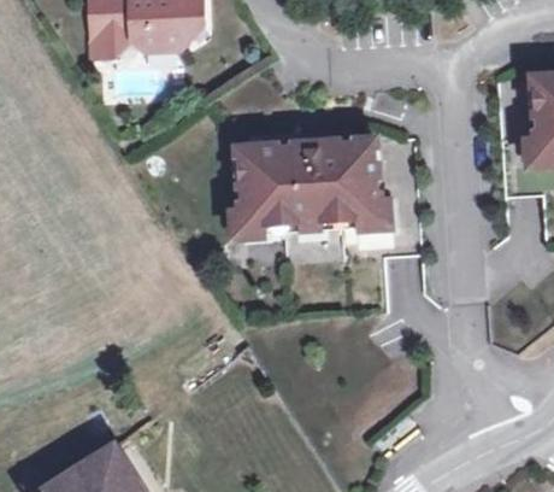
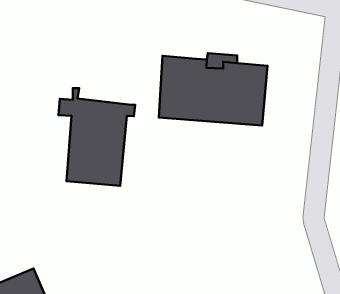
building: none -> [58,88,135,186]

